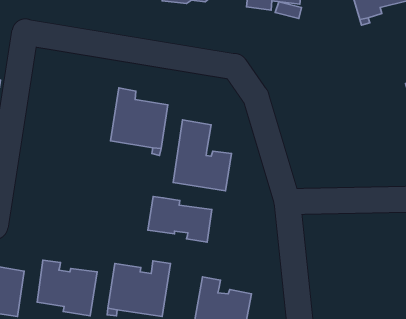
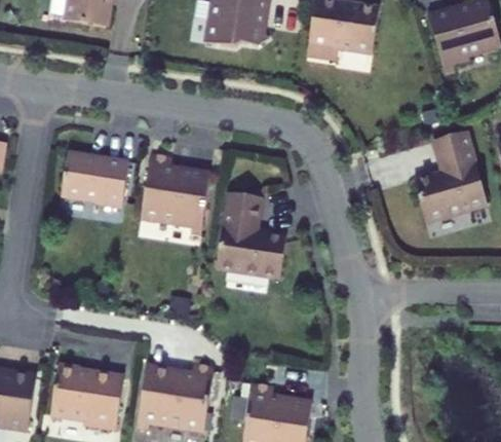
building: none -> [415,135,489,226]
building: none -> [62,152,129,207]
building: [148,197,212,242] -> none

